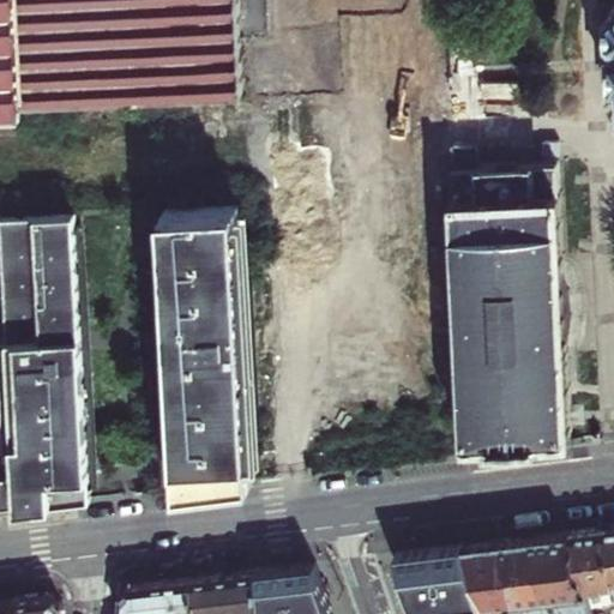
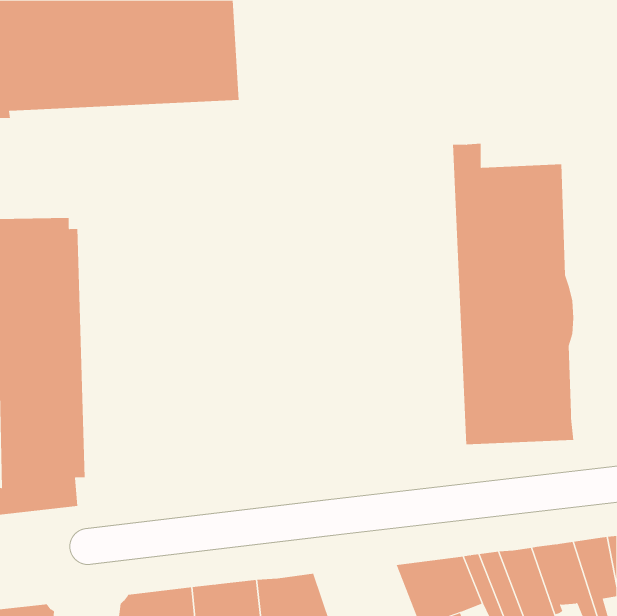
building: [150,217,247,495] -> none

